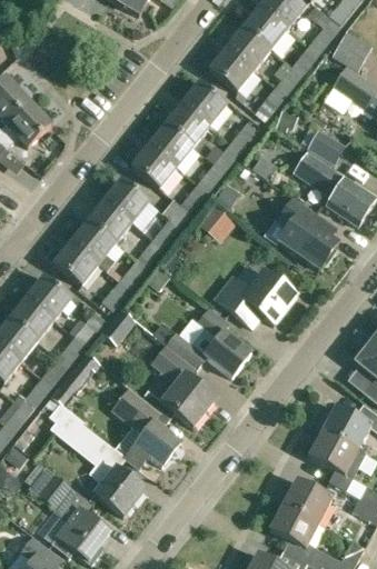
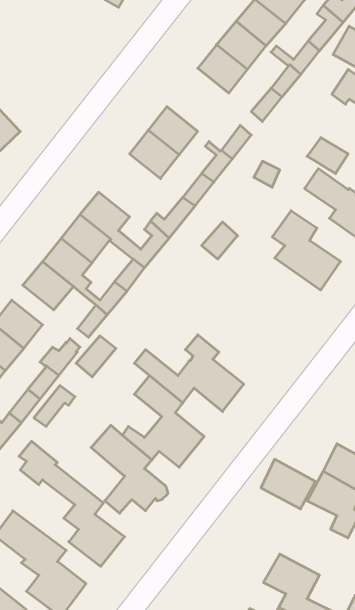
building: [182,81,227,124] -> none
building: [132,144,177,188] -> none
building: [215,269,296,326] -> none
building: [284,478,333,522] -> [261,459,316,509]

